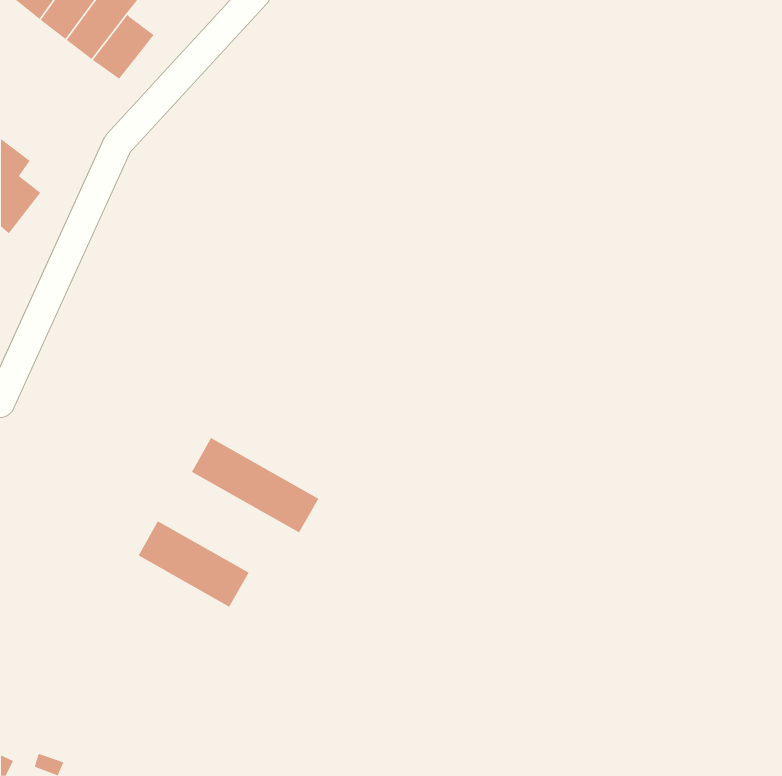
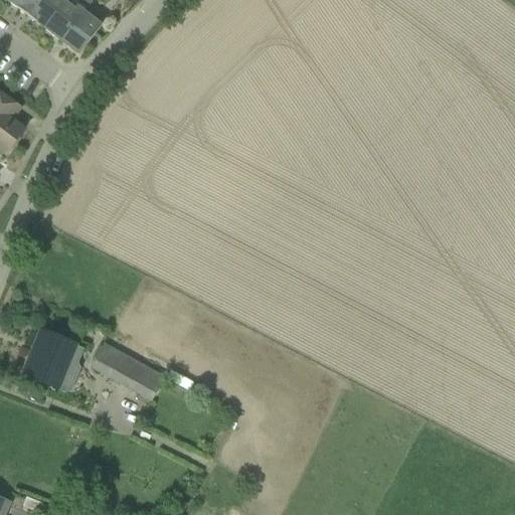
building: [191,437,319,533] -> none
building: none -> [22,327,82,390]

